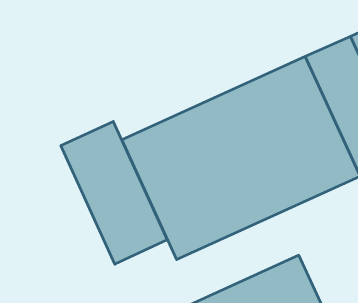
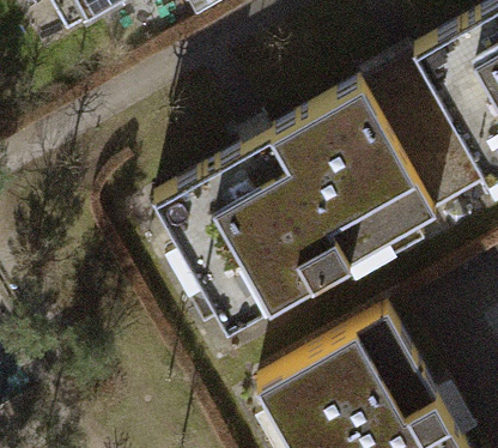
building: [61,121,167,264] -> none

